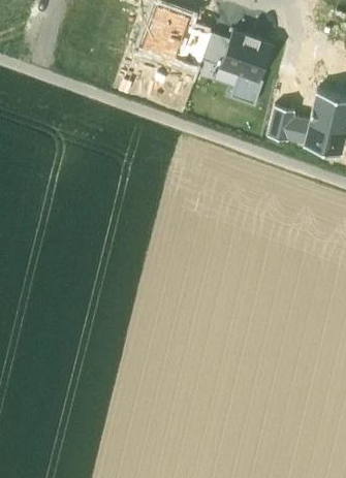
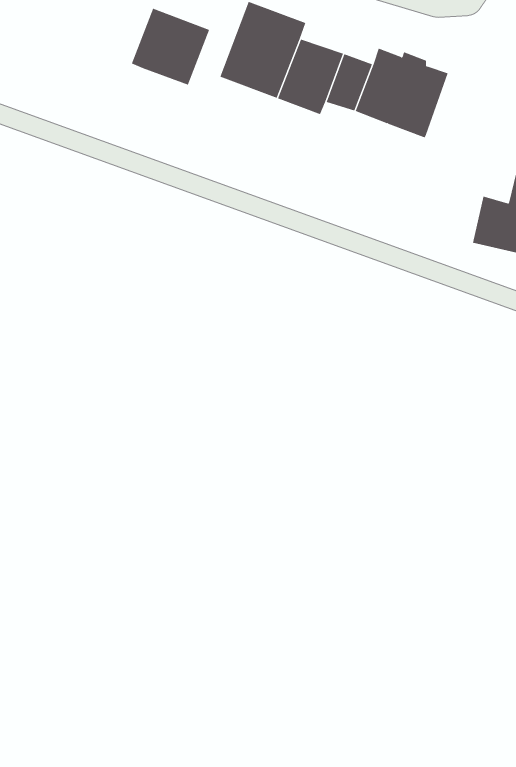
building: none -> [131,8,210,85]
building: [229,73,263,105] -> none
building: [268,106,293,141] -> none

